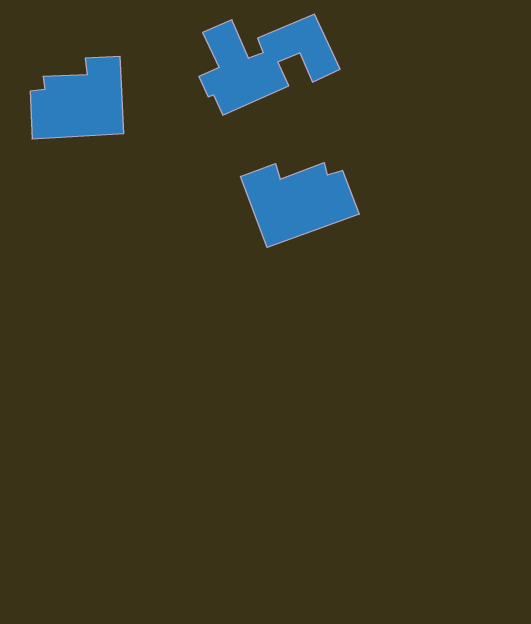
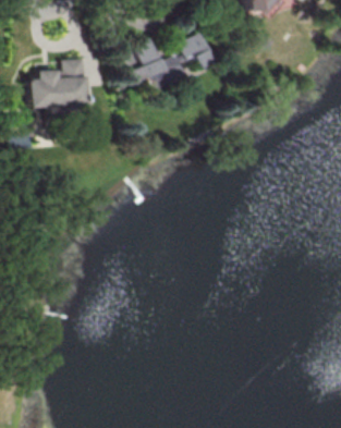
building: [241,163,359,247] -> none

